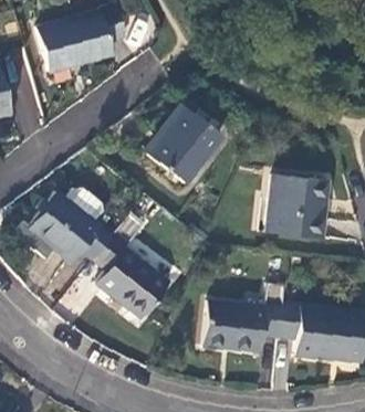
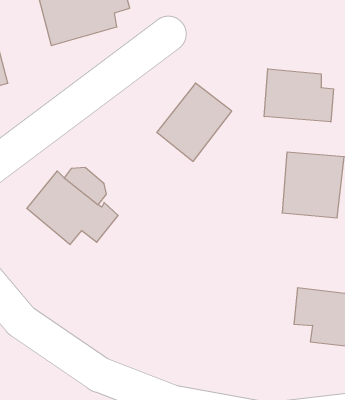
building: none -> [264,69,334,122]
building: [95,210,169,318] -> none
building: [206,300,284,350] -> none

